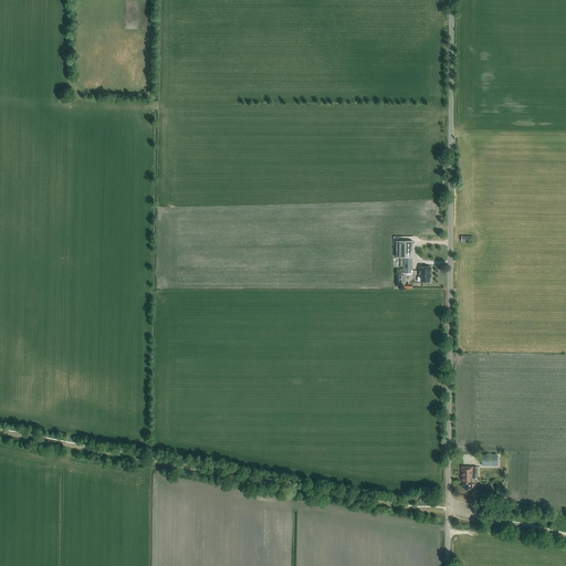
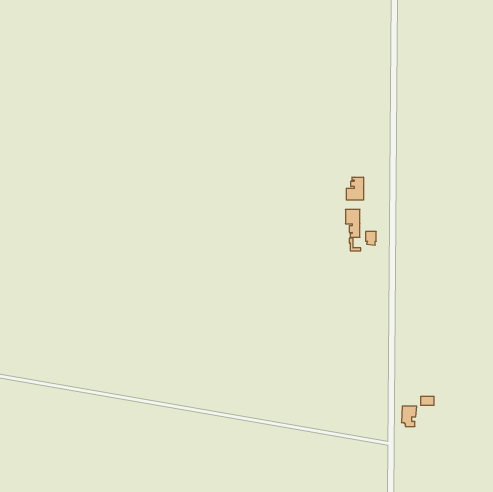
building: none -> [346,177,363,200]

